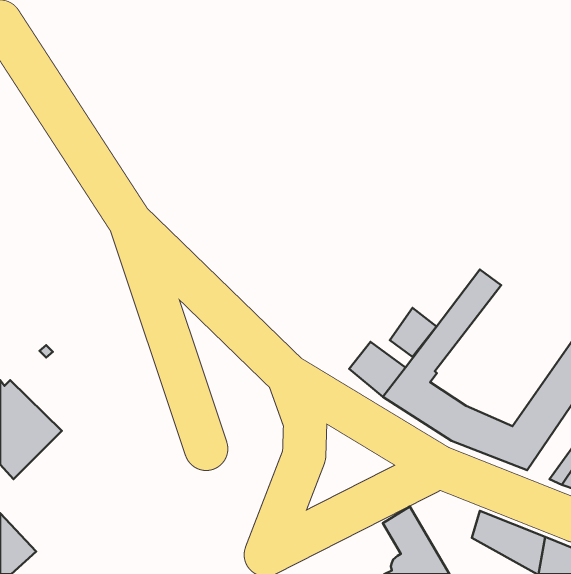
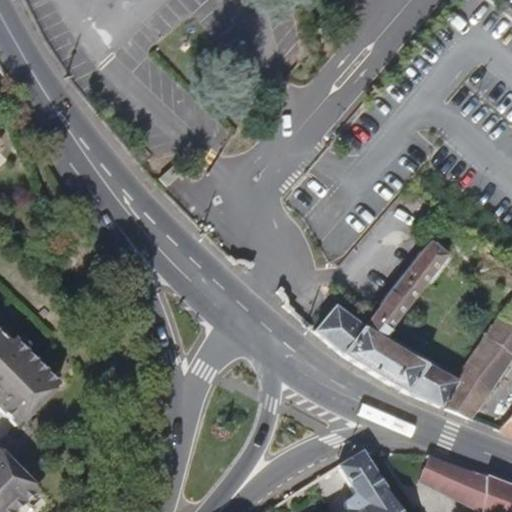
building: [390,308,437,357] -> none

